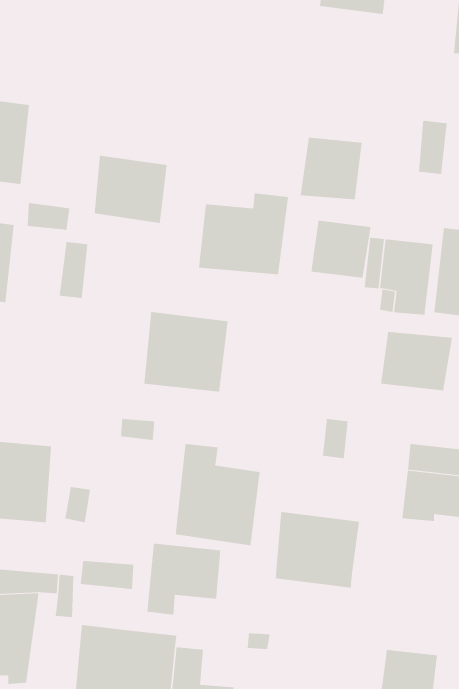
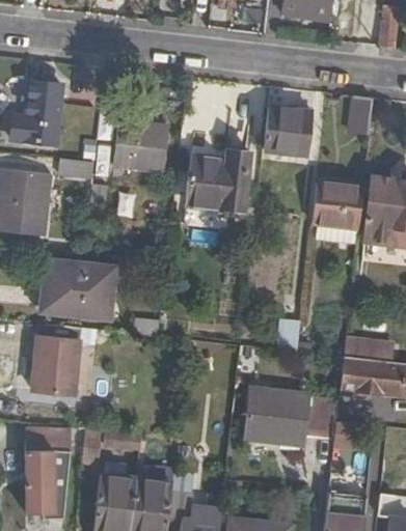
building: [311,220,371,278] -> none
building: [143,312,228,392] -> [47,260,110,320]
building: [380,331,453,391] -> none
building: [175,443,260,546] -> none
building: none -> [303,395,339,438]
building: [147,543,221,616] -> none

